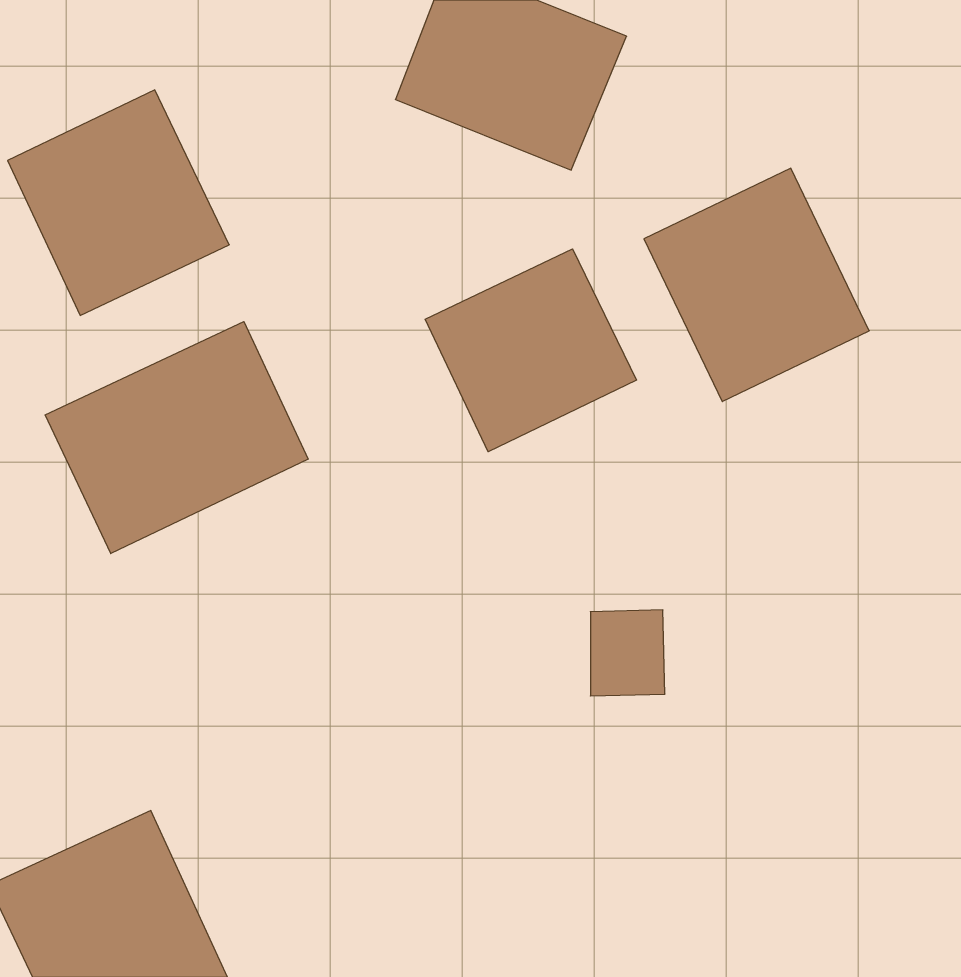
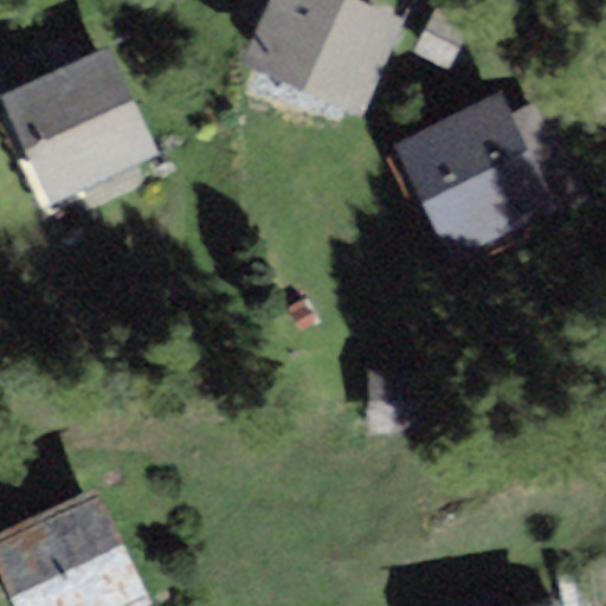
building: [425,249,636,452] -> none
building: [45,322,308,554] -> none

